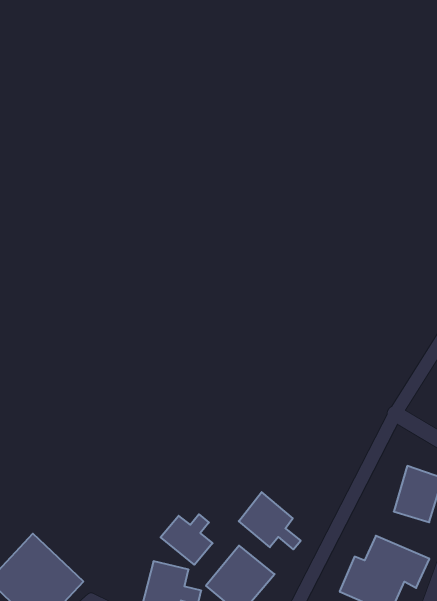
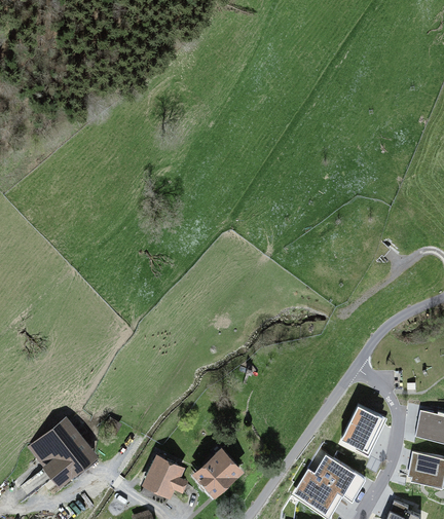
building: [239,492,301,549] -> none
building: [161,514,213,565] -> none

